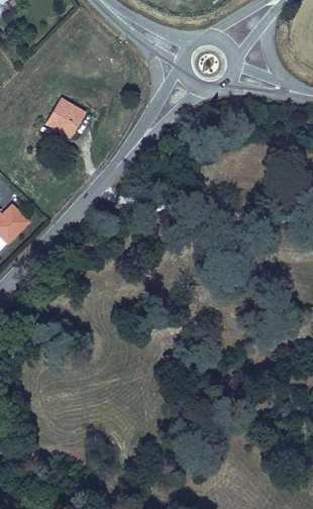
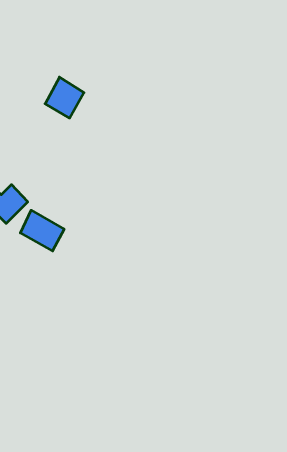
building: none -> [20,210,64,251]

